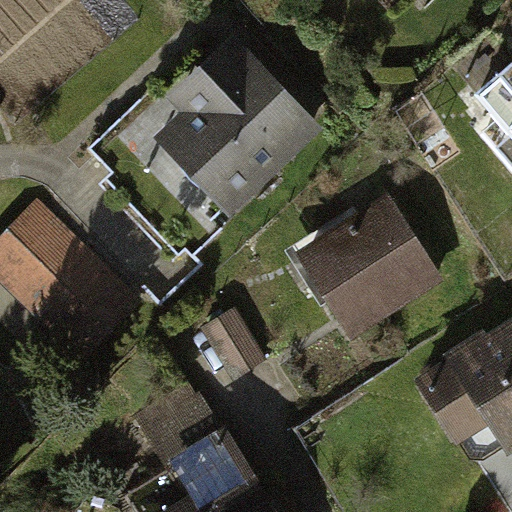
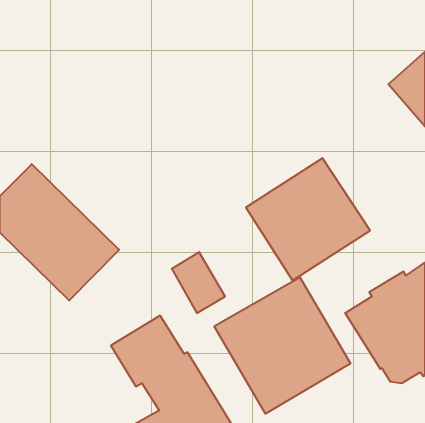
building: [152,35,322,218] -> none
building: none -> [214,277,351,414]

